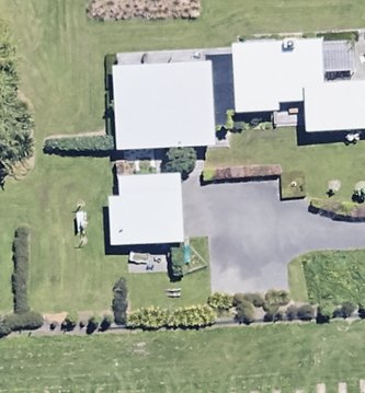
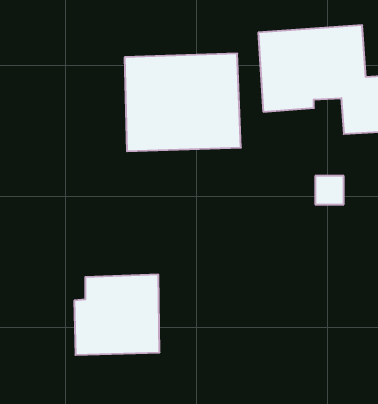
building: [109,172,184,243] -> [74,275,160,355]

